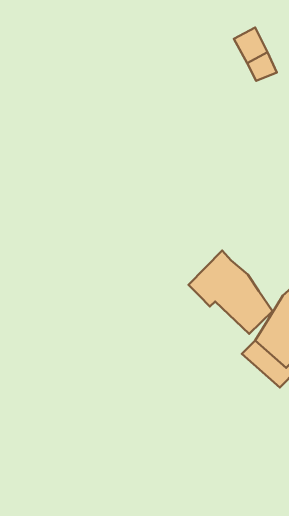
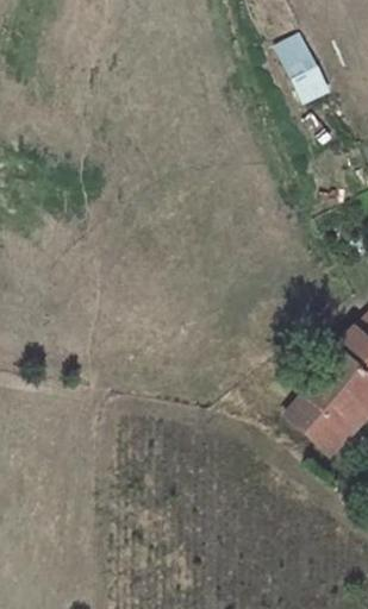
building: [188,250,273,334] -> none

